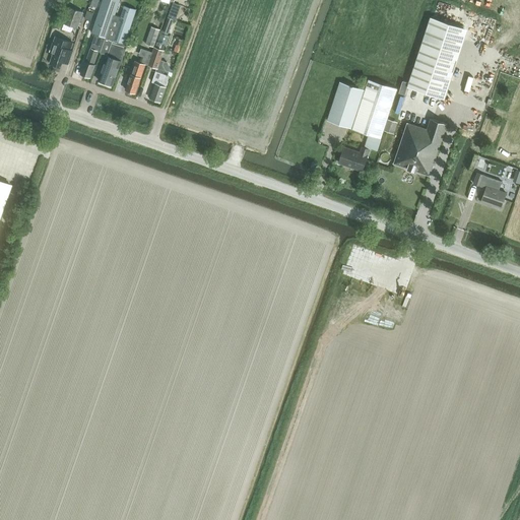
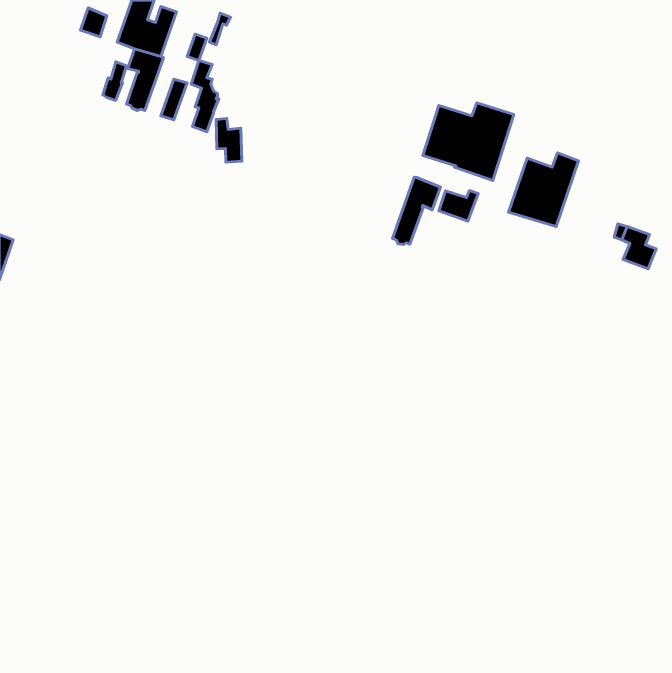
building: [406,18,466,100] -> none
building: [49,36,73,67] -> none
building: none -> [216,119,242,162]
building: none -> [392,177,440,245]

